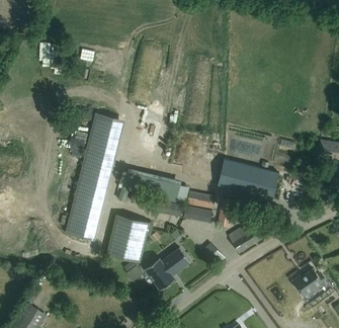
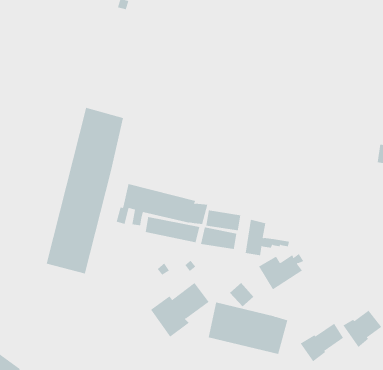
building: [218,158,279,198] -> [208,302,288,354]
building: [106,214,152,262] -> none
building: none -> [300,323,344,362]

